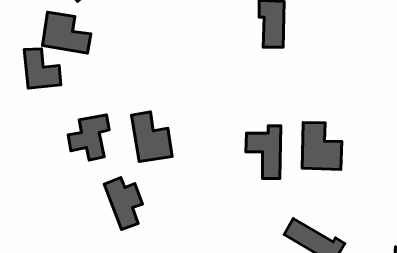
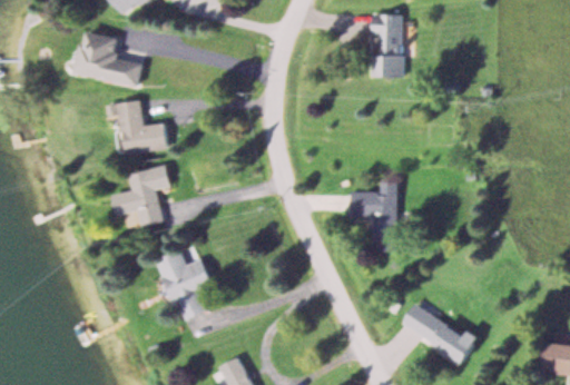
building: [24,49,61,88] -> [115,101,164,154]
building: [132,112,172,161] -> none
building: [302,122,342,169] -> none

